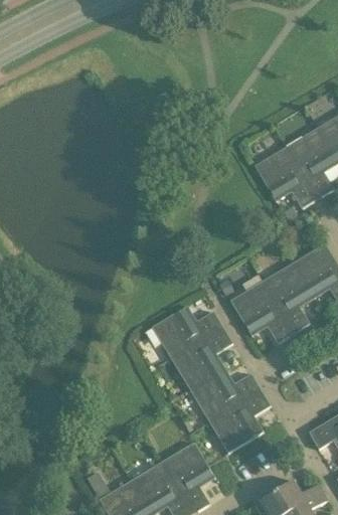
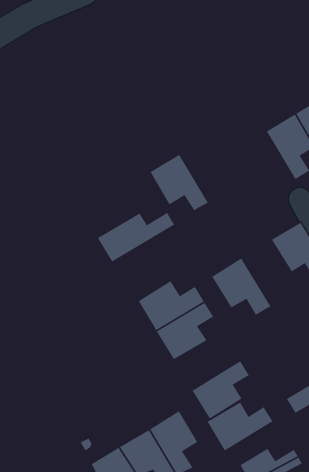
building: [256,146,319,207] -> [149,154,209,211]
building: none -> [97,212,175,263]
building: [262,262,315,333] -> none
building: [189,369,261,422] -> [206,402,273,451]

